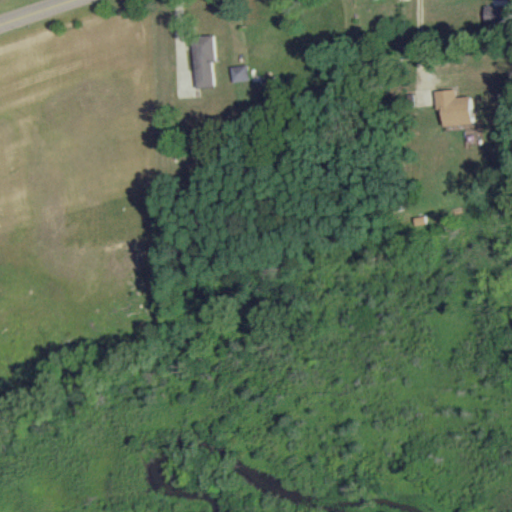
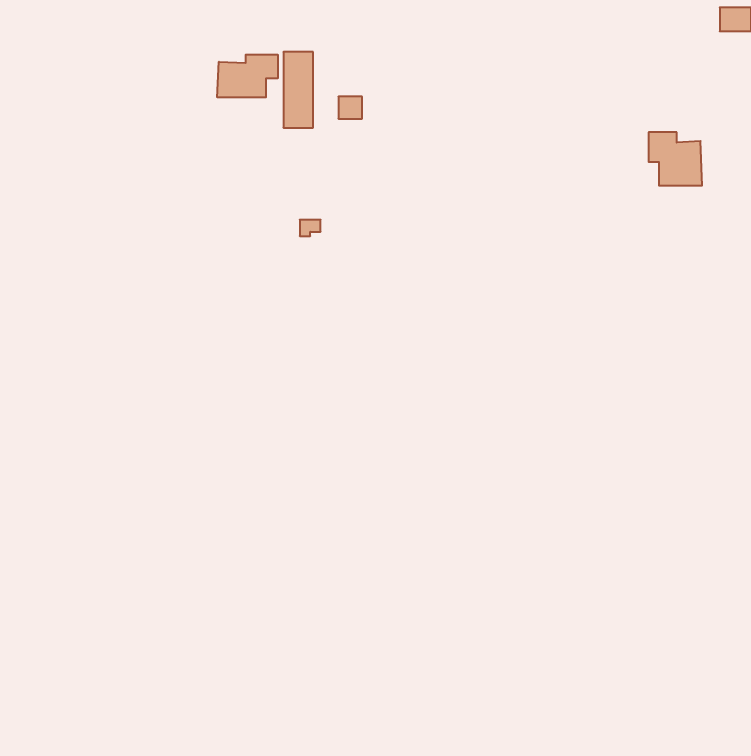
building: none -> [217,55,278,97]

